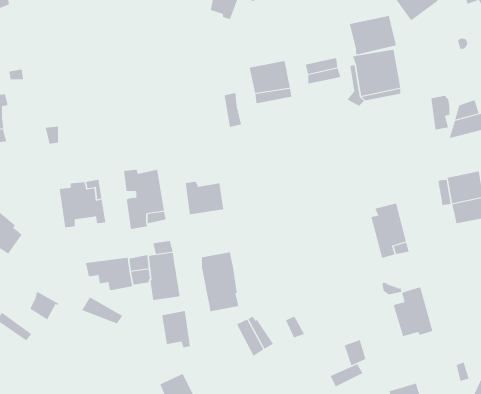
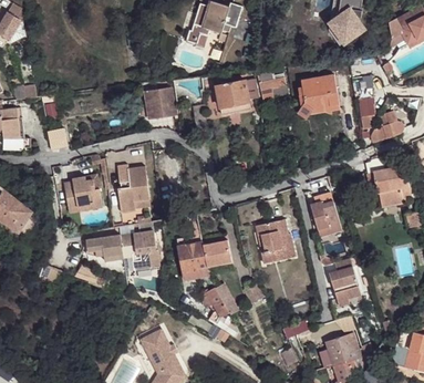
building: [349,15,396,56] -> none
building: none -> [145,87,176,117]
building: [185,181,224,215] -> none
building: none -> [256,220,297,265]
building: none -> [204,239,231,265]
building: [162,310,191,348] -> none

